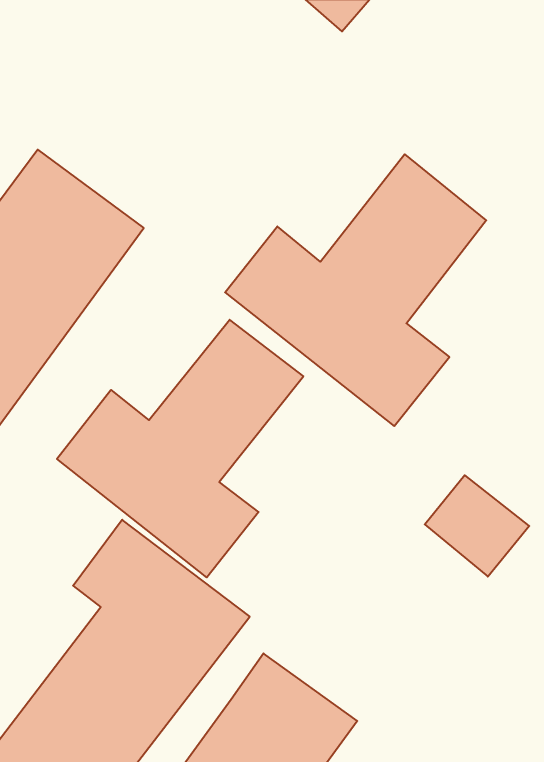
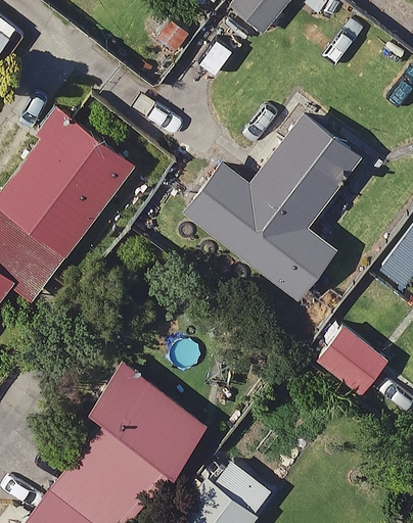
building: [57,320,303,577] -> none

